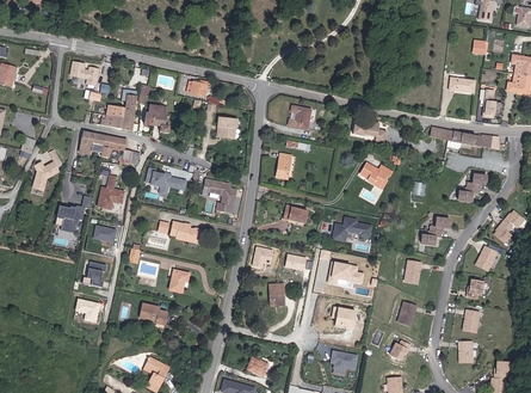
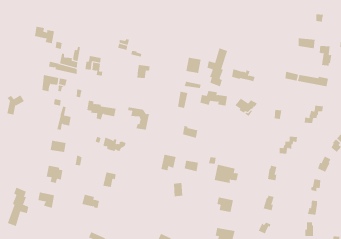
building: none -> [207,48,228,87]
building: [56,204,86,232] -> none
building: [333,216,373,239] -> [200,90,228,106]
building: none -> [7,187,29,227]

